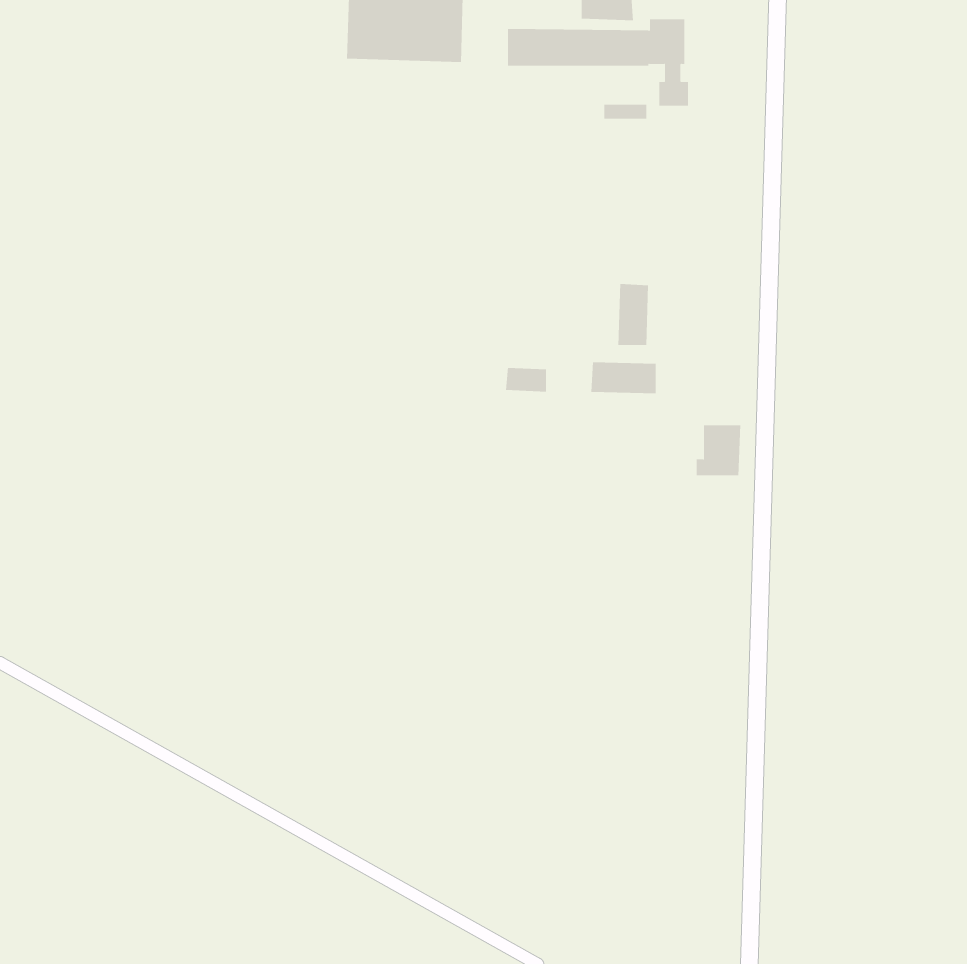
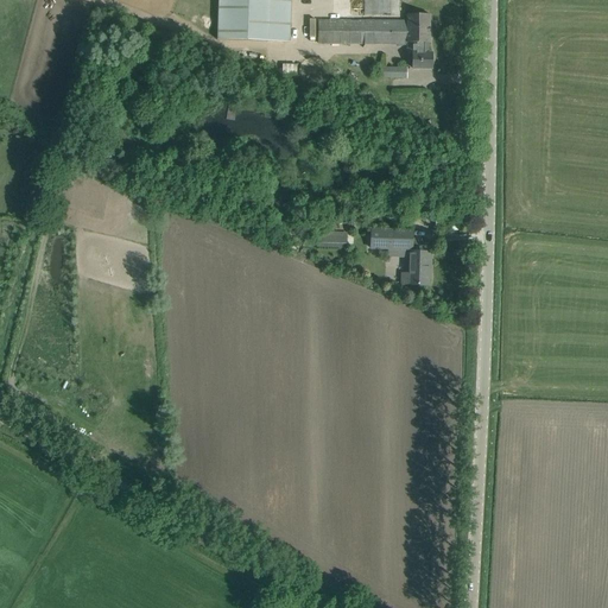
building: [618,283,649,346] -> none
building: [696,425,741,476] -> [403,251,431,283]

